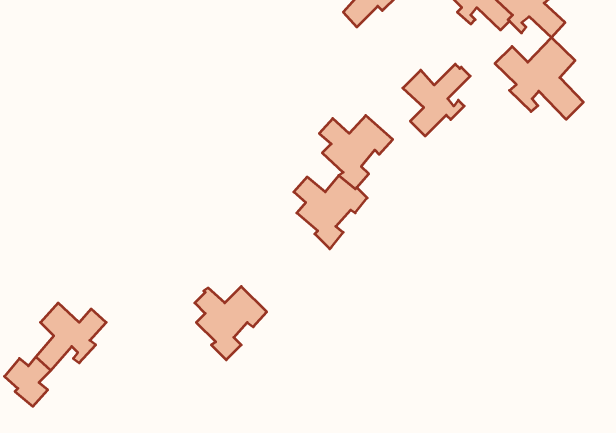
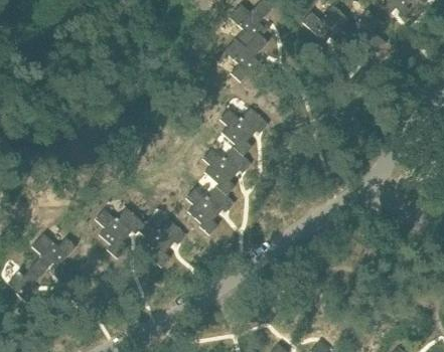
building: [495,38,583,119] -> none
building: [403,64,470,136] -> [224,32,269,80]
building: none -> [186,185,236,234]
building: none -> [94,207,143,258]

